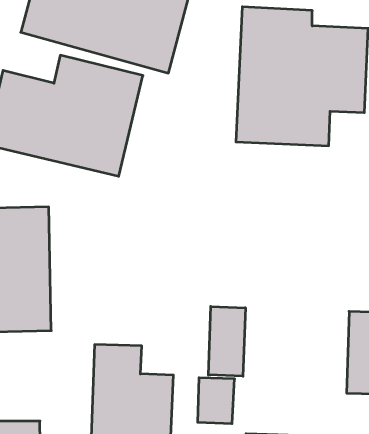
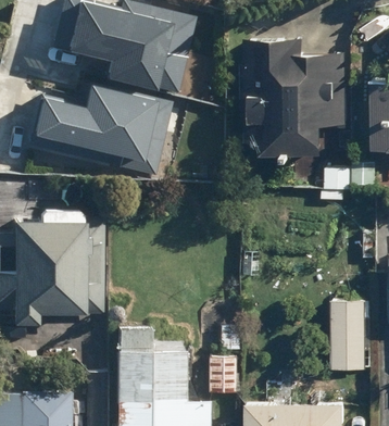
building: [208,306,245,376] -> none

